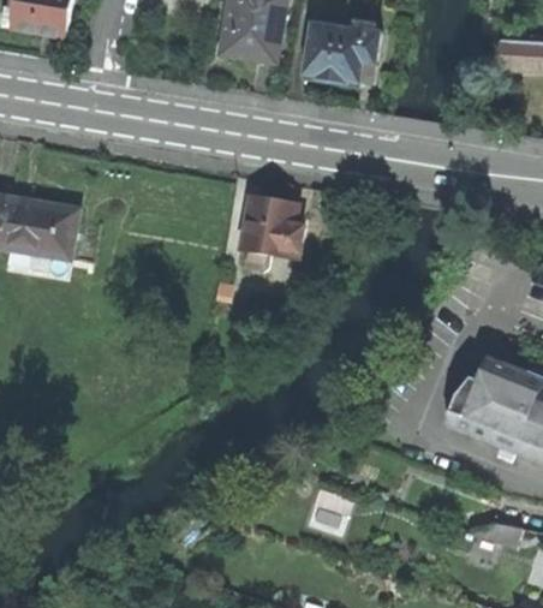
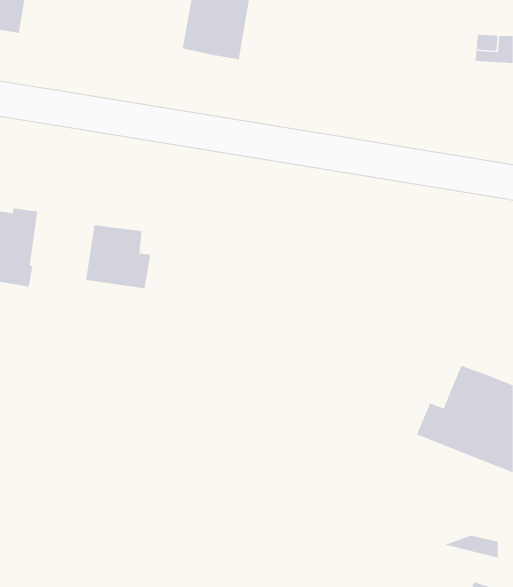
building: [303,19,378,85] -> none
building: [241,196,305,258] -> [85,224,151,289]

